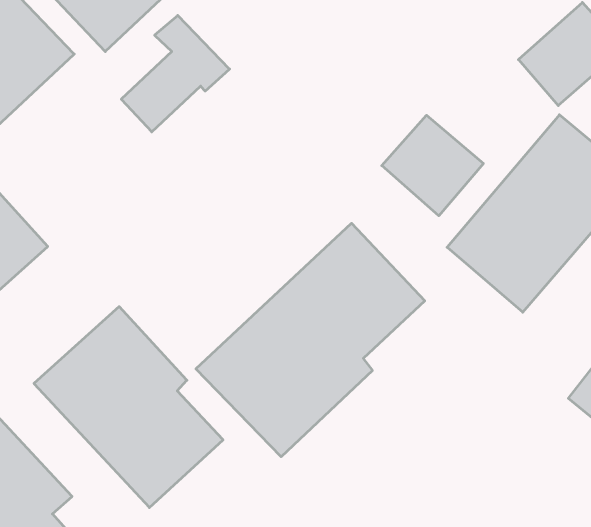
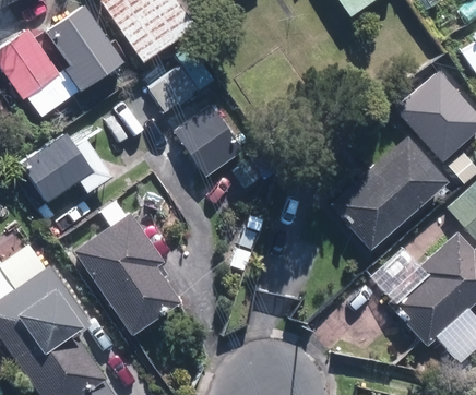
building: none -> [175,106,242,176]
building: [382,115,483,216] -> none
building: [196,223,425,457] -> none

